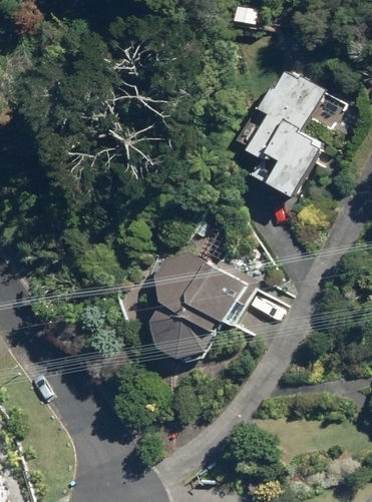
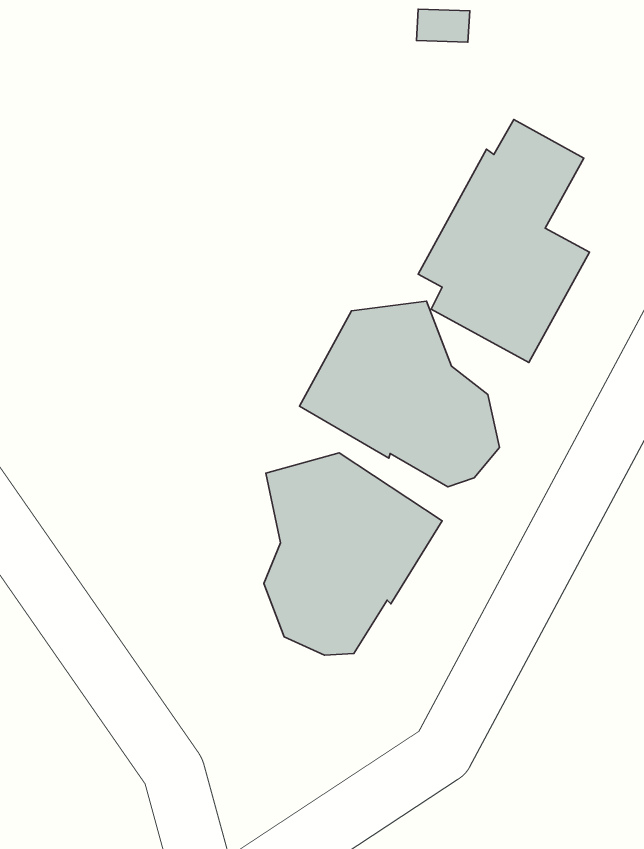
building: none -> [299,301,499,487]

